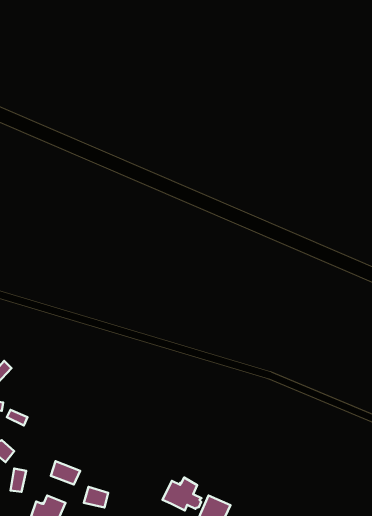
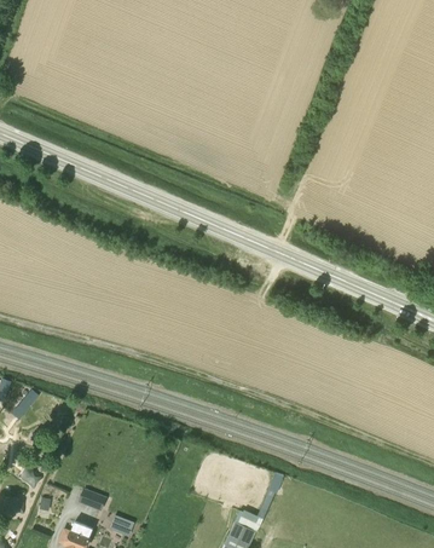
building: [162,478,201,510] -> none

